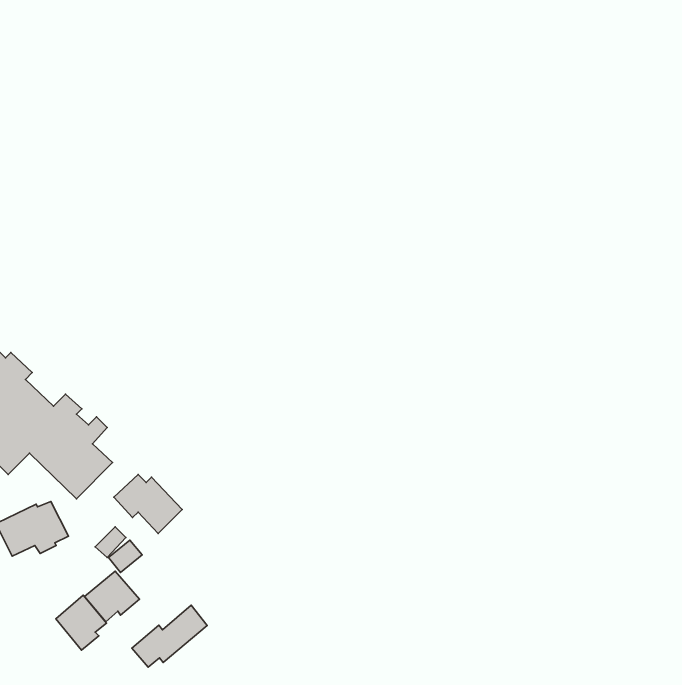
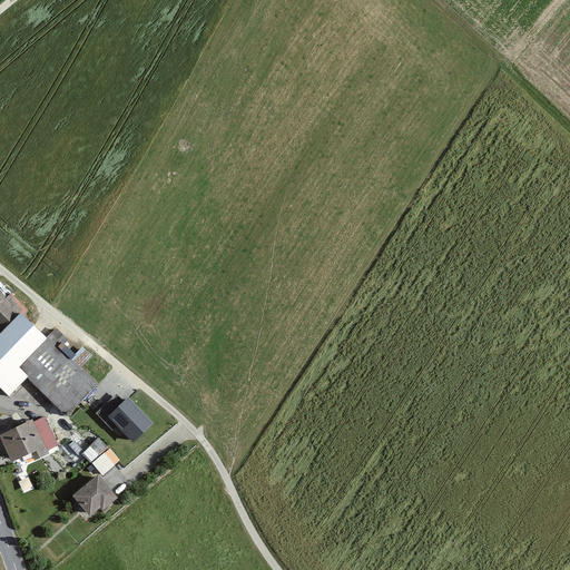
building: [56,595,107,650] -> none
building: [132,605,207,667] -> none

